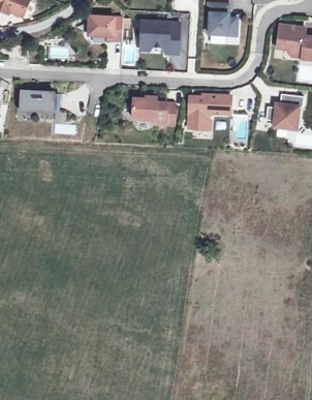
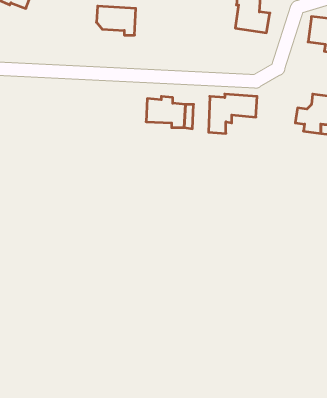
building: [141,21,180,55] -> none
building: [19,88,58,110] -> none

